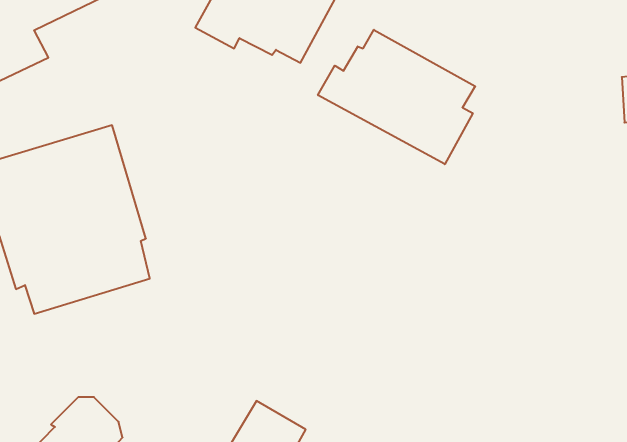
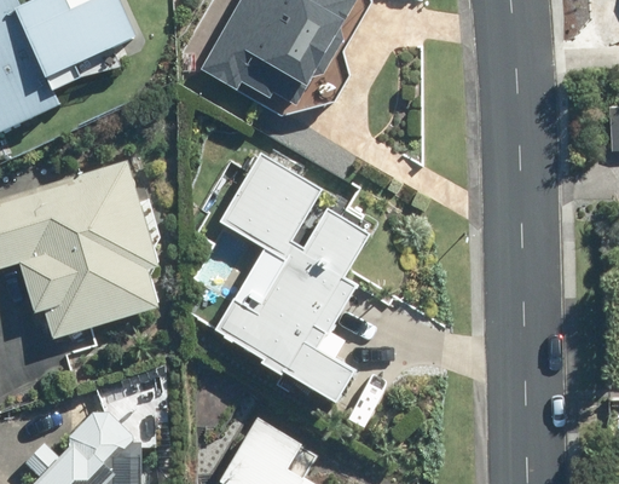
building: [318,30,475,164] -> none
building: none -> [215,159,374,398]

